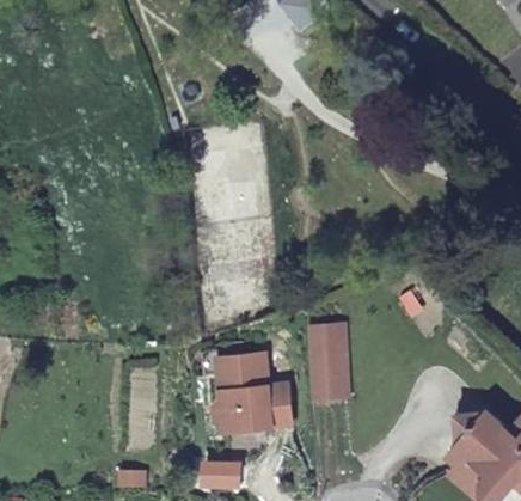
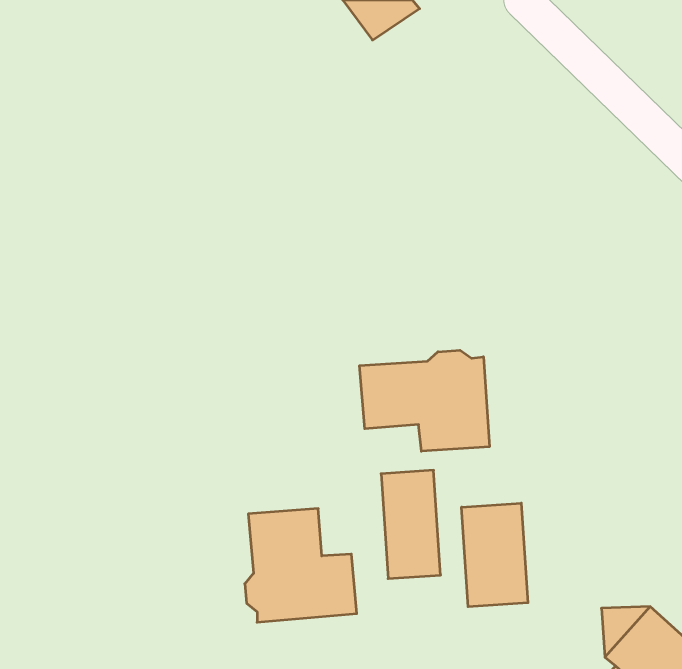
building: none -> [360,350,489,451]
building: none -> [462,503,528,607]

